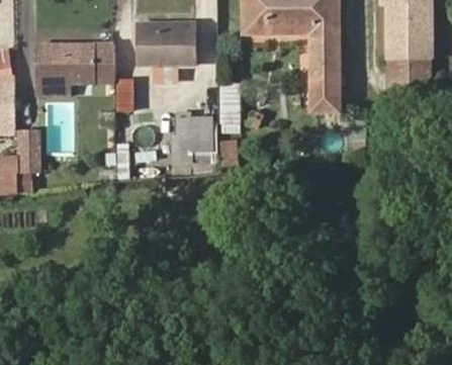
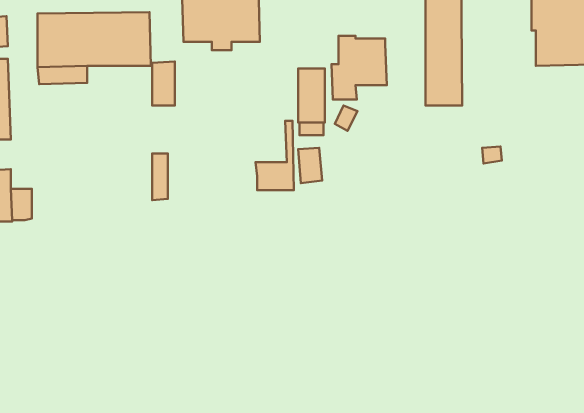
building: [173,114,212,160] -> [332,36,387,99]
building: [17,130,38,169] -> none

